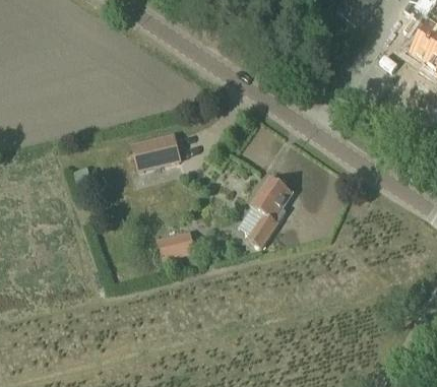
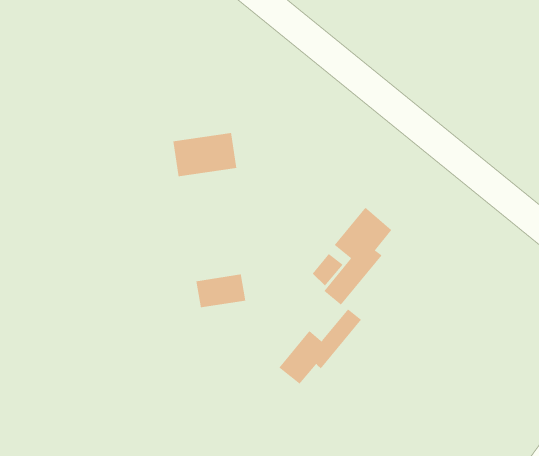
building: none -> [278,309,362,385]

